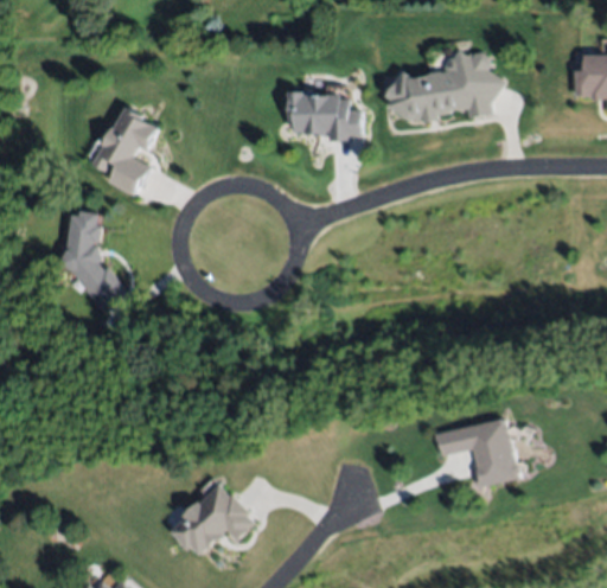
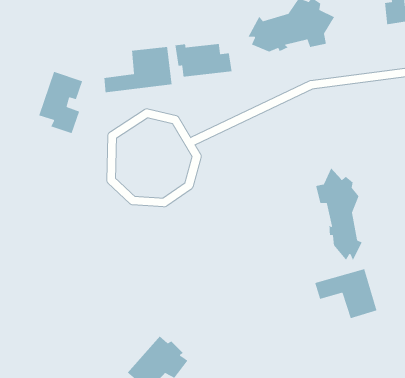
building: none -> [104,46,172,93]
building: [65,206,123,303] -> none
building: none -> [315,167,363,262]

